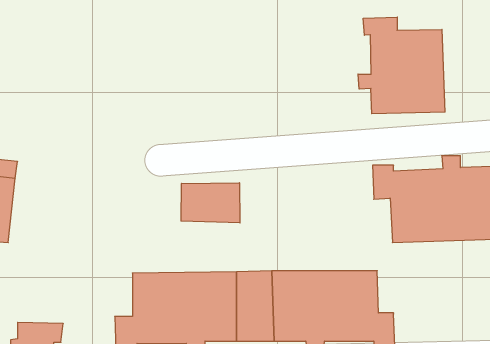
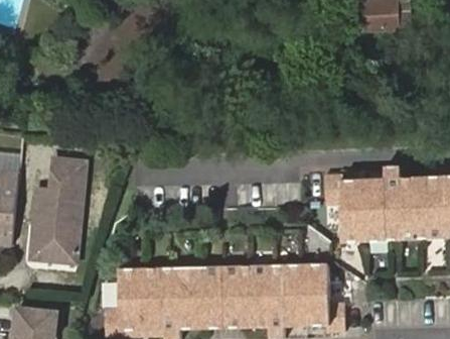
building: [358,17,445,114] -> none
building: none -> [32,157,80,255]
building: [181,183,240,223] -> none

